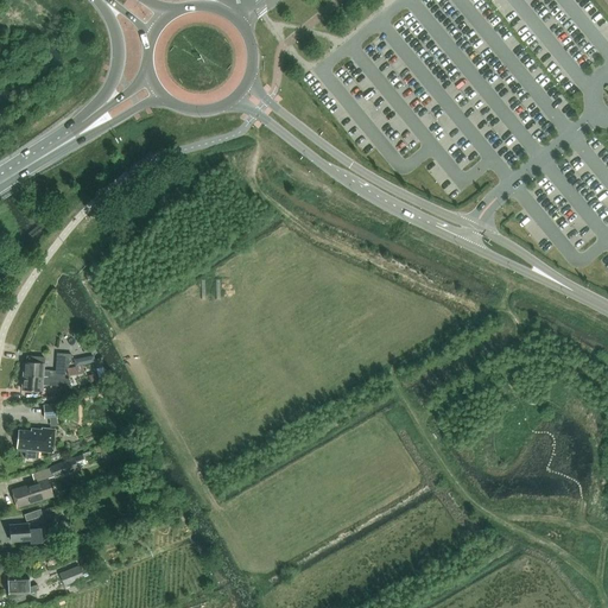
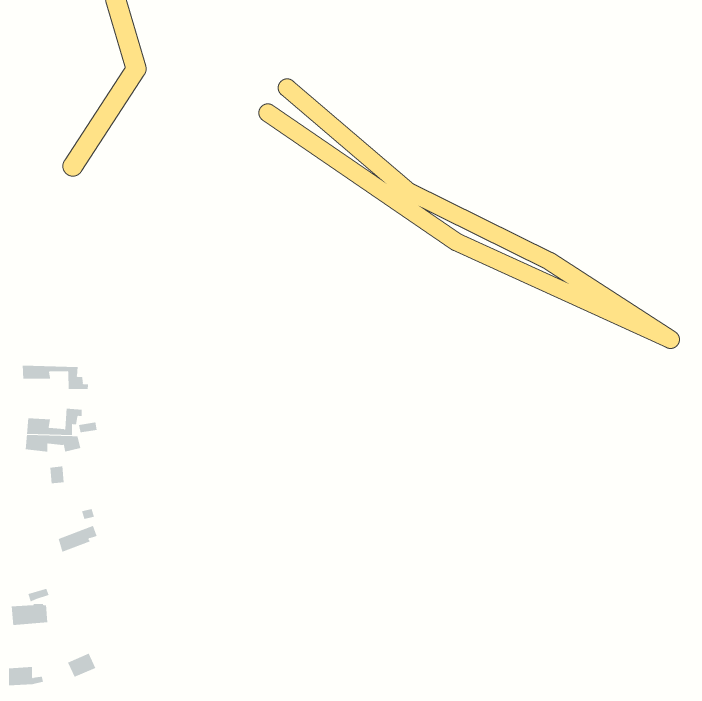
building: none -> [22,365,88,390]
building: [15,428,55,457] -> none
building: [11,479,51,507] -> none

